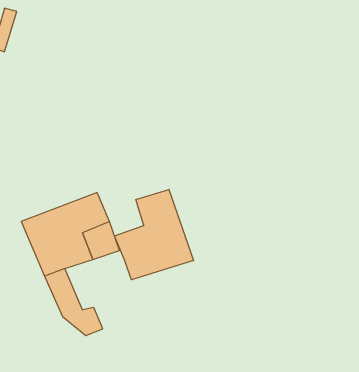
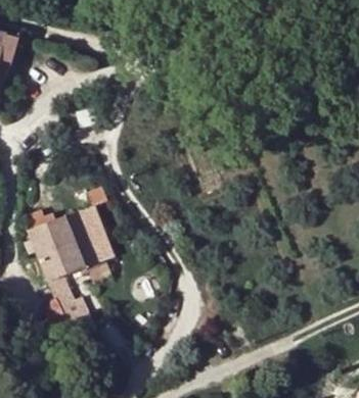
building: [114,189,194,280] -> none

